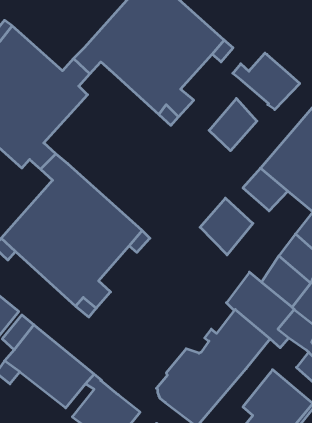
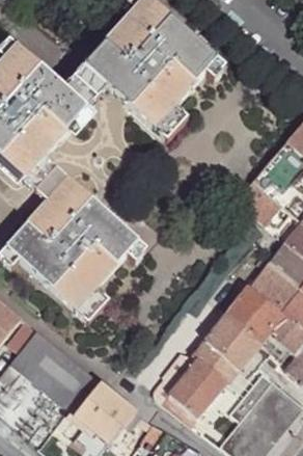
building: [233,53,300,110] -> none
building: [209,98,257,151] -> none
building: [200,198,253,255] -> none

